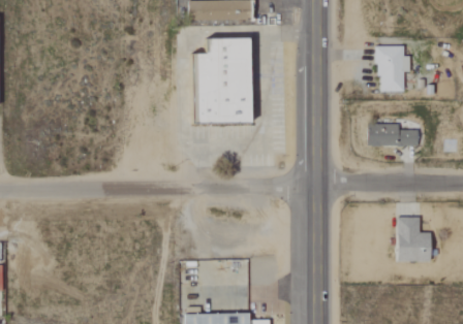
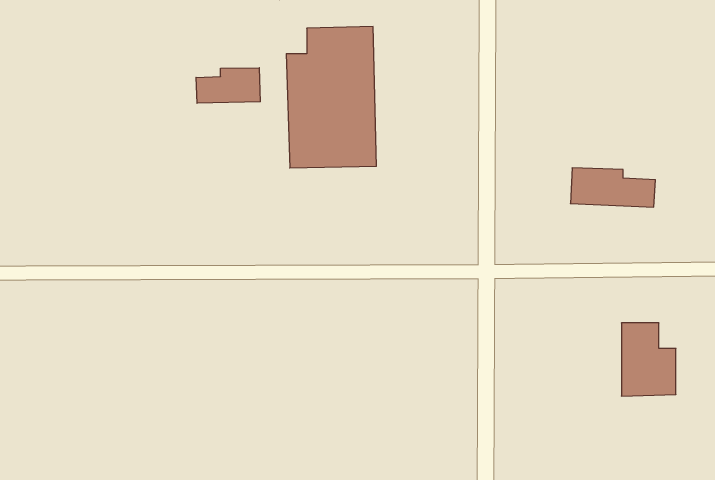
building: [378,45,411,91] -> none
building: none -> [196,68,260,103]

